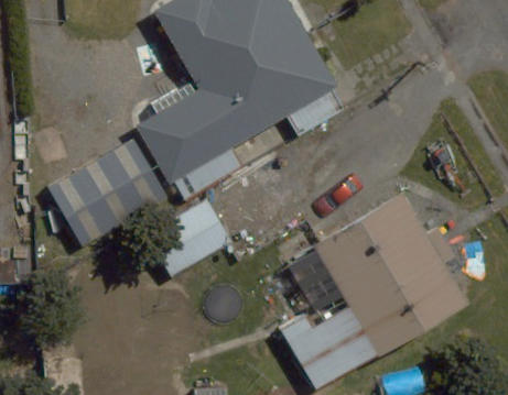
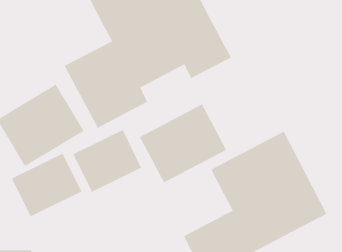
building: none -> [139,104,227,183]
building: none -> [11,153,82,217]

